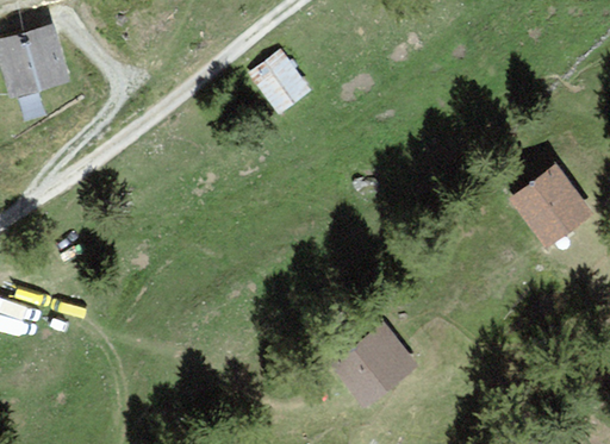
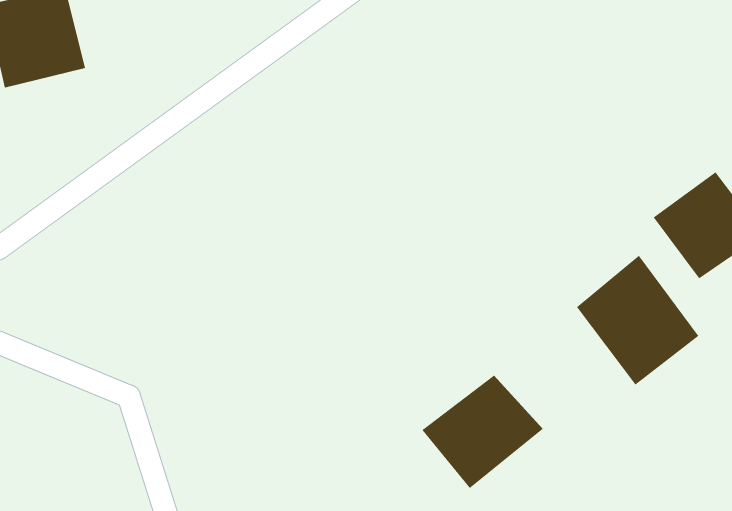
building: [249,50,311,114] -> none
building: none -> [576,255,699,385]

